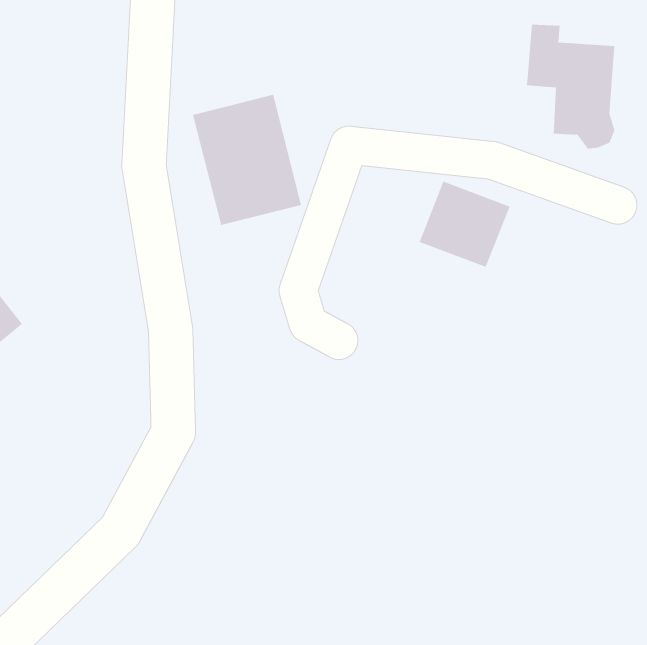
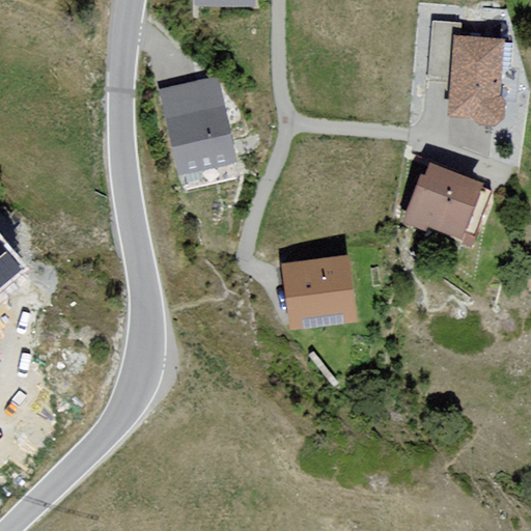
building: [419,181,510,268] -> [409,164,483,234]
building: none -> [283,254,351,322]

